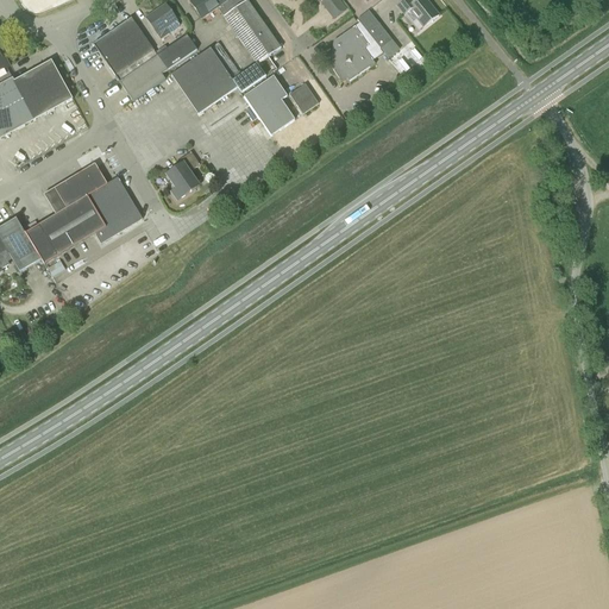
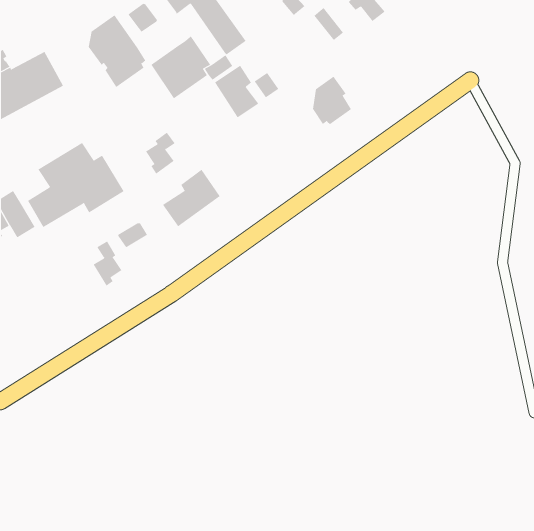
building: [329,24,375,80] -> [312,76,352,125]
building: [157,33,196,69] -> none
building: none -> [162,169,221,227]
building: none -> [118,223,148,248]
building: none -> [93,241,122,286]

